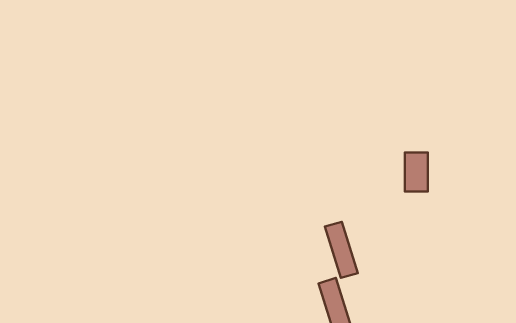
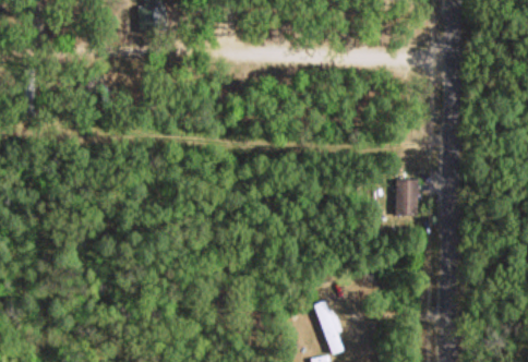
building: [325,222,358,278] -> none

